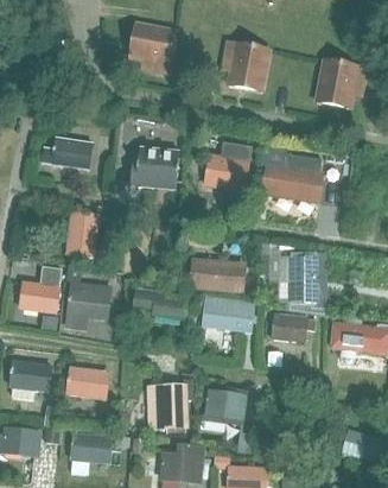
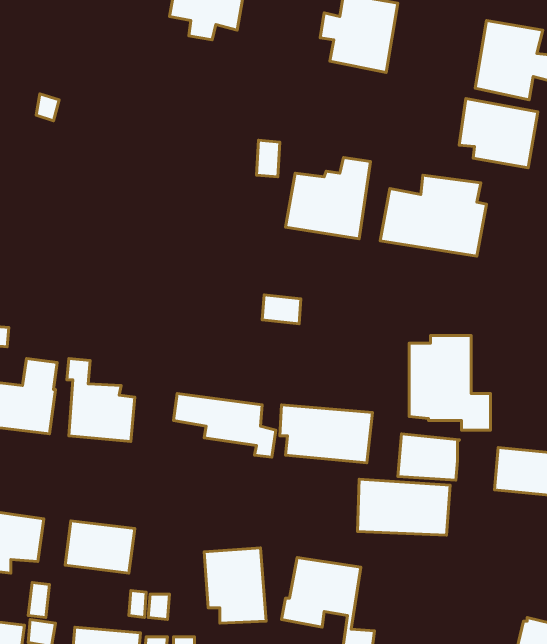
building: none -> [459,99,538,168]
building: [39,135,93,169] -> none
building: [128,146,180,189] -> none
building: [64,210,97,256] -> none
building: [187,256,244,291] -> [357,479,450,535]

